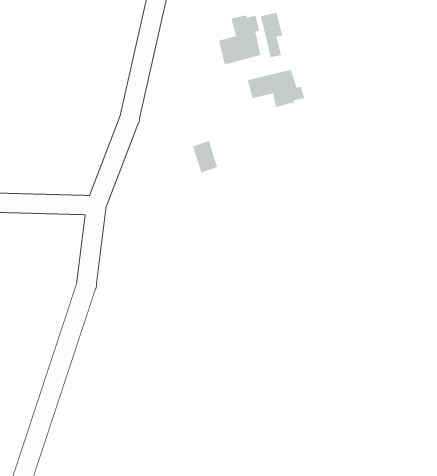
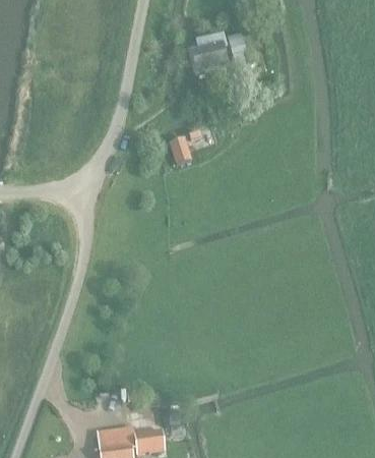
building: [247,69,305,108] -> none

